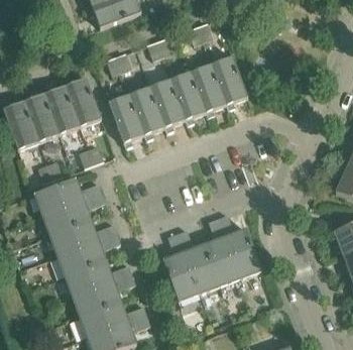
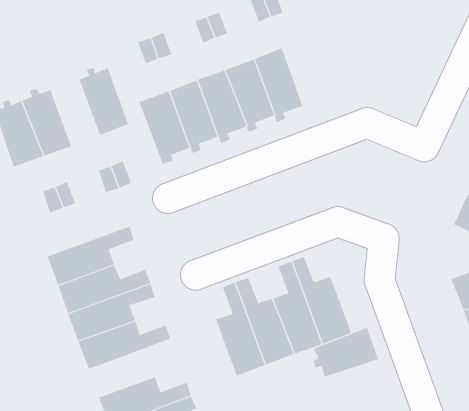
building: [211,56,247,110] -> none
building: [43,85,79,135] -> none
building: [33,179,101,215] -> none
building: none -> [313,327,379,377]
building: [71,274,134,317] -> none

